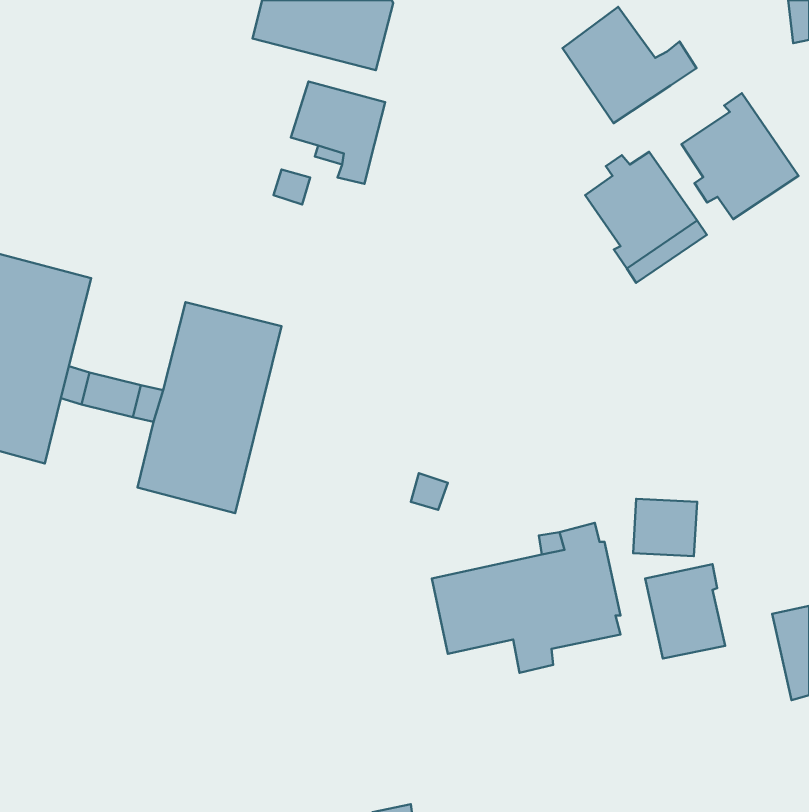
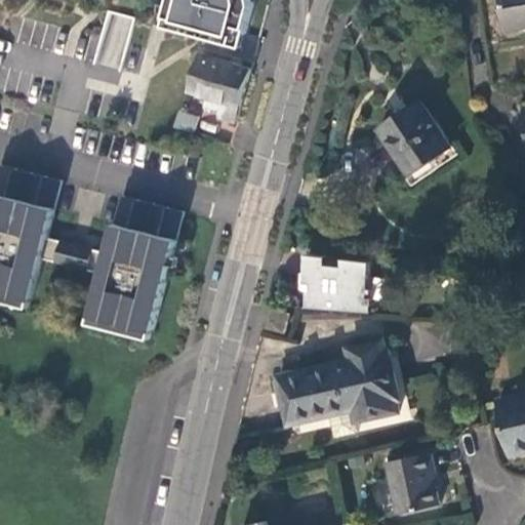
building: [562,7,697,123] -> none
building: none -> [86,12,127,72]
building: [682,93,799,219] -> none
building: none -> [296,253,366,312]
building: [645,564,725,659] -> [385,450,436,511]

